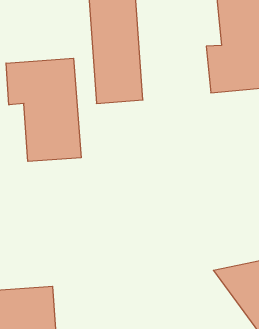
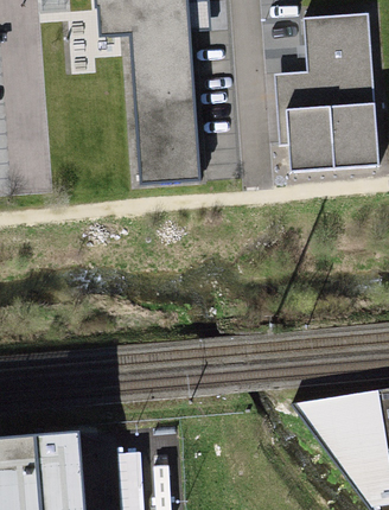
building: [6,58,81,161] -> none

